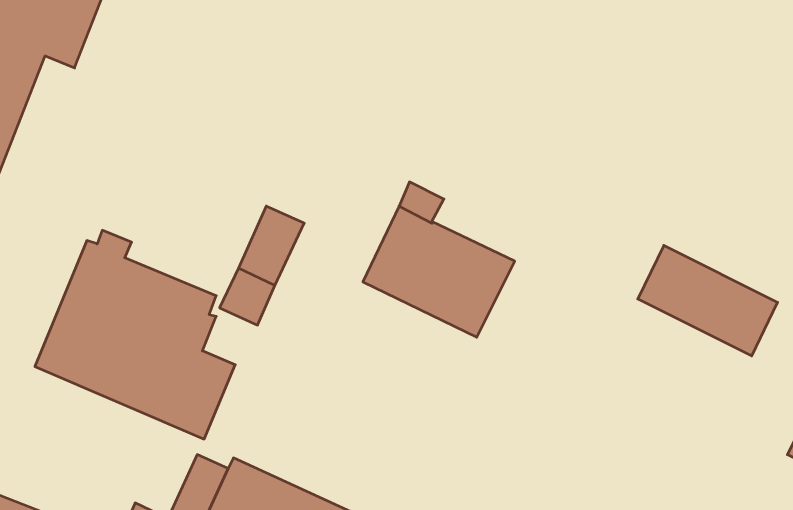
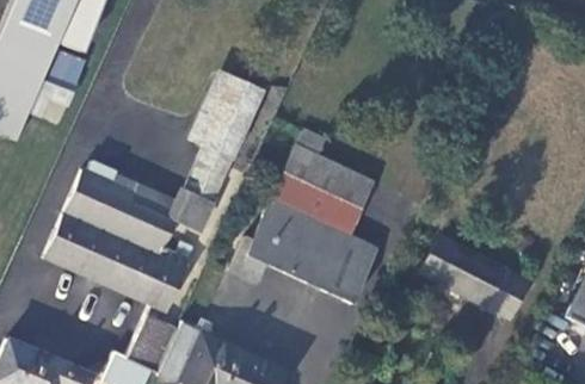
building: none -> [192,74,264,159]
building: [638,245,778,356] -> [429,240,525,316]
building: none -> [234,199,380,304]

